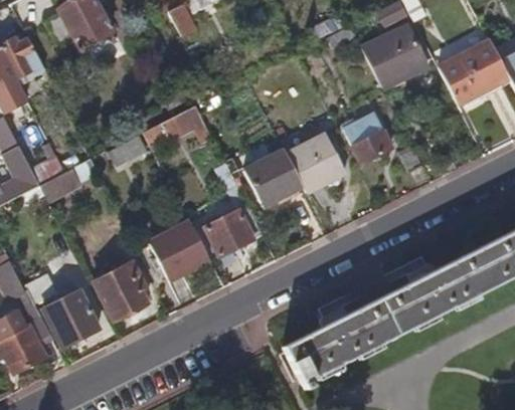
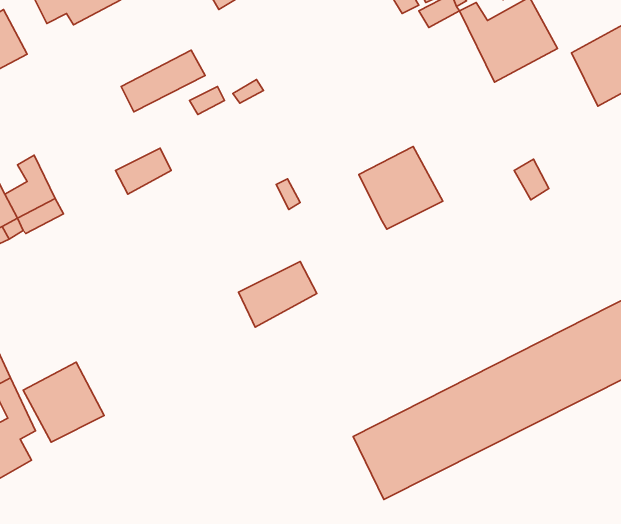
building: [144,105,204,149] -> [121,50,205,112]
building: [347,112,391,162] -> none
building: [241,150,300,206] -> none
building: [147,221,207,279] -> none
building: [94,262,150,320] -> none

